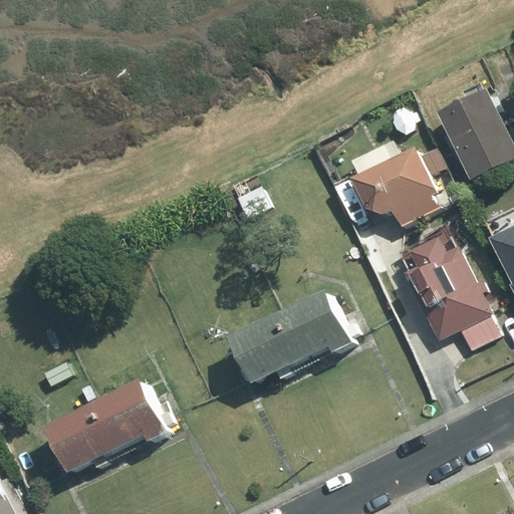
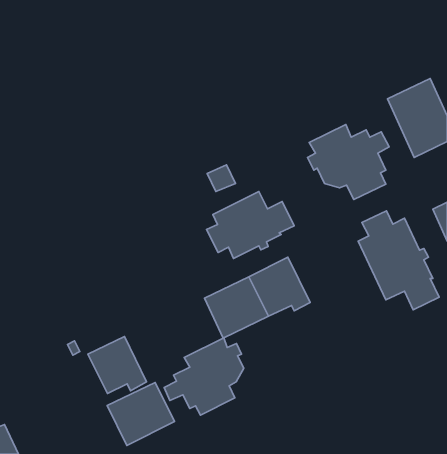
building: none -> [207,191,294,258]
building: none -> [164,338,244,415]
building: [45,400,121,471] -> [107,382,175,446]

